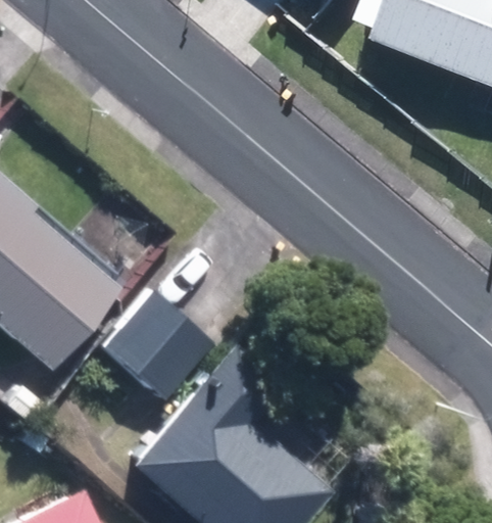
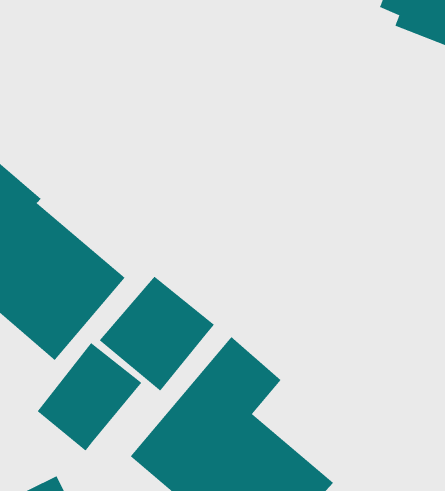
building: none -> [37,342,142,452]

